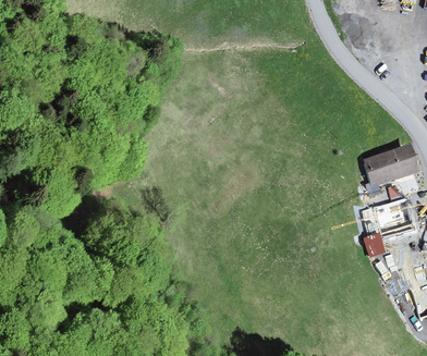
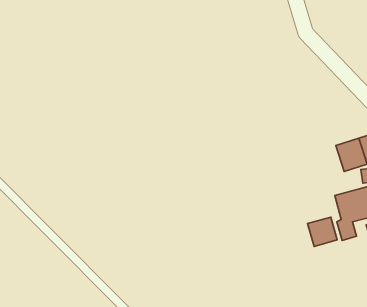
building: none -> [308,217,337,246]

